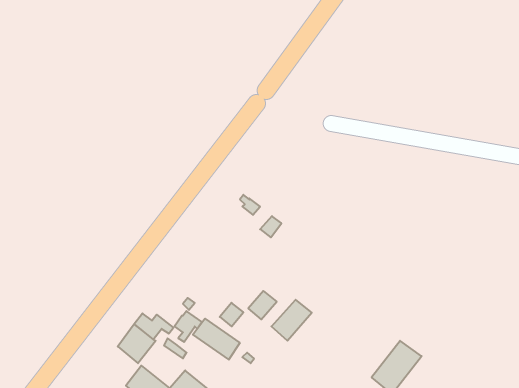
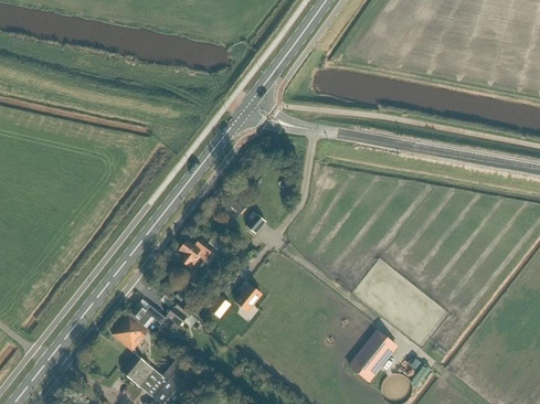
building: none -> [178,237,212,269]
building: [271,300,312,341] -> none
building: [193,319,240,360] -> none

